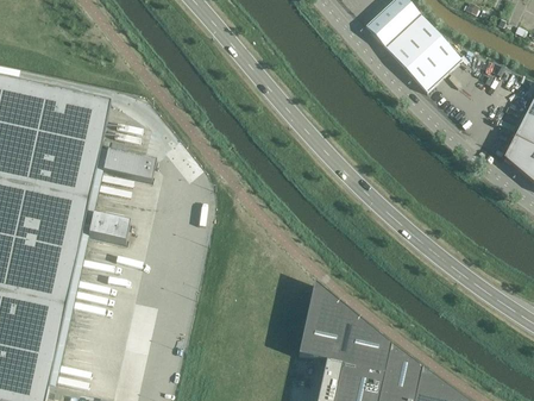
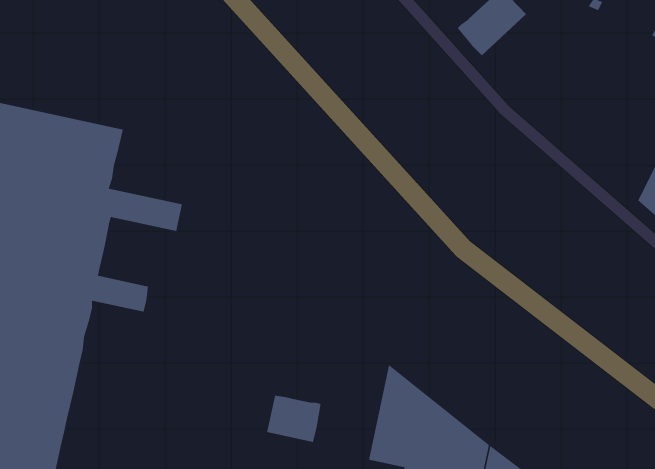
building: [384,12,460,89] -> none
building: none -> [266,395,321,443]

